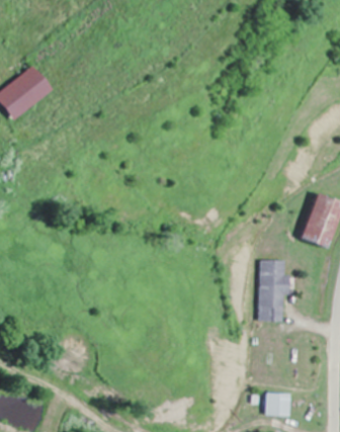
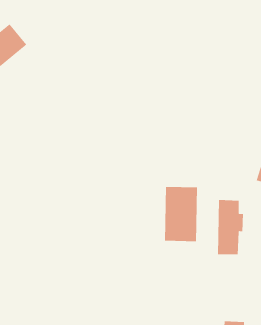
building: none -> [165,186,198,242]

